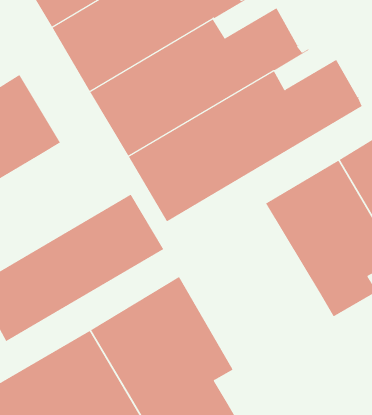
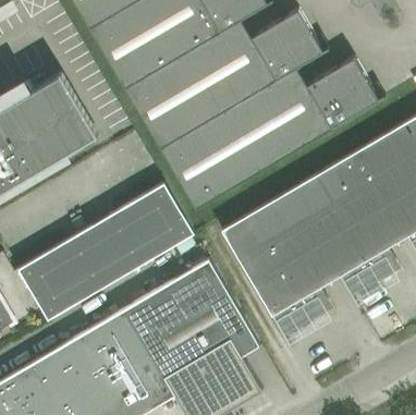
building: none -> [220,192,339,338]

